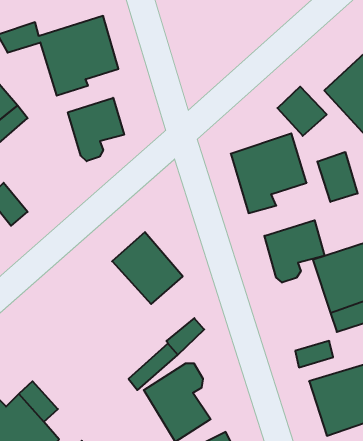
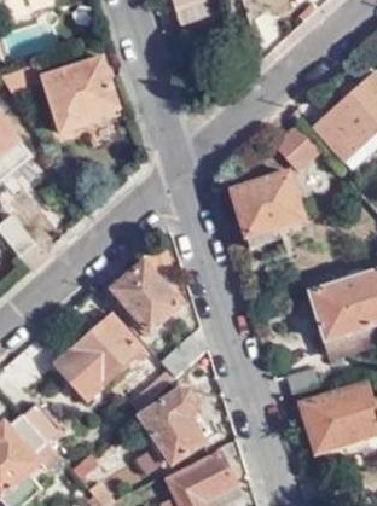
building: [68,98,124,161] -> none
building: [317,152,358,202] -> none
building: [264,220,325,283] -> none
building: none -> [54,315,143,400]

